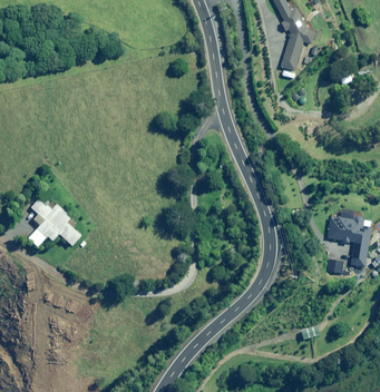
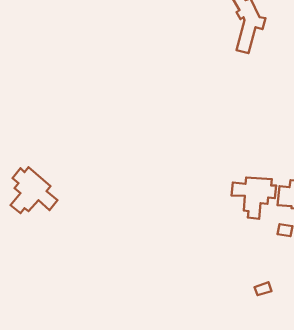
building: none -> [232,177,276,219]

